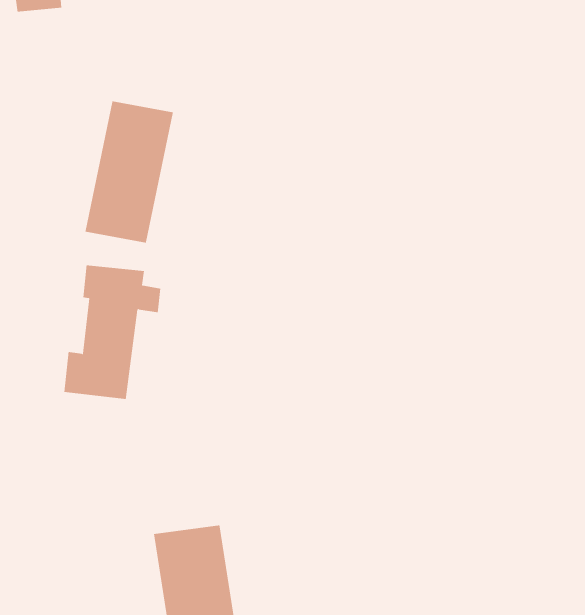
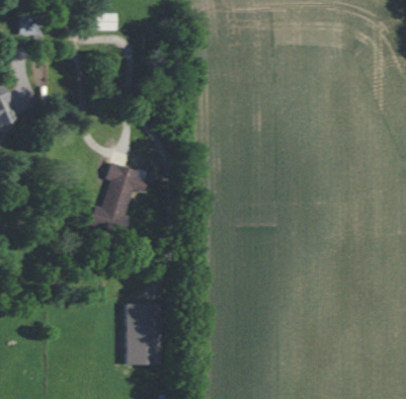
building: [85,100,173,244] -> none

